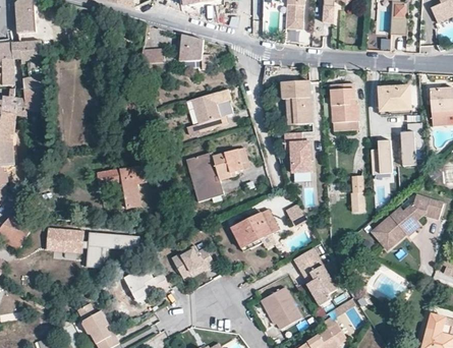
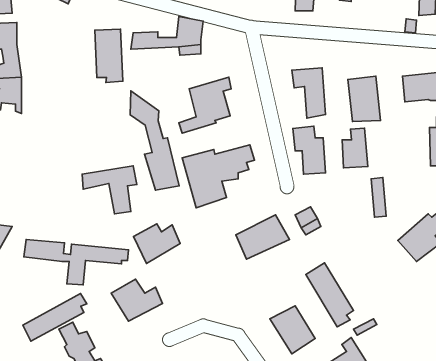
building: none -> [95,29,123,82]
building: none -> [130,91,179,190]
building: [371,139,393,174] -> [342,128,368,168]
building: [174,244,215,279] -> [134,224,180,263]
building: none -> [23,294,87,341]

